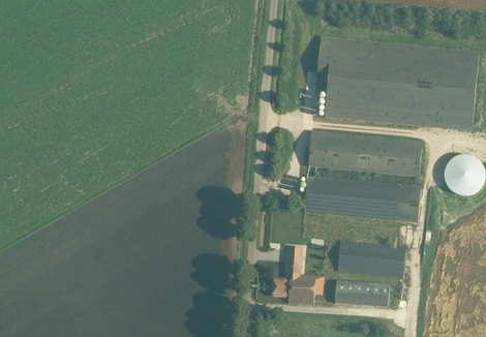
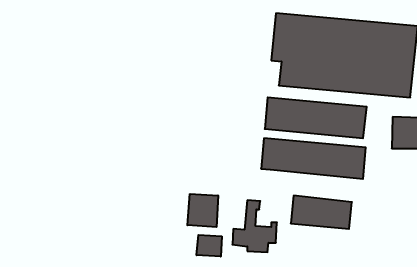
building: none -> [187,194,218,227]
building: [334,280,388,305] -> none
building: none -> [197,235,222,257]

